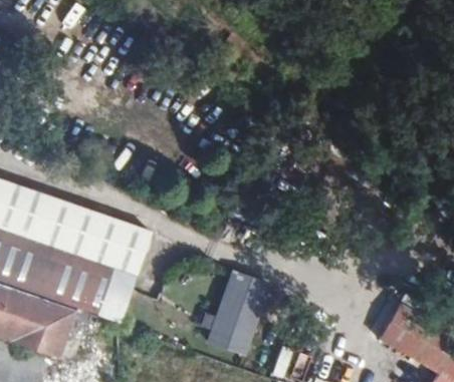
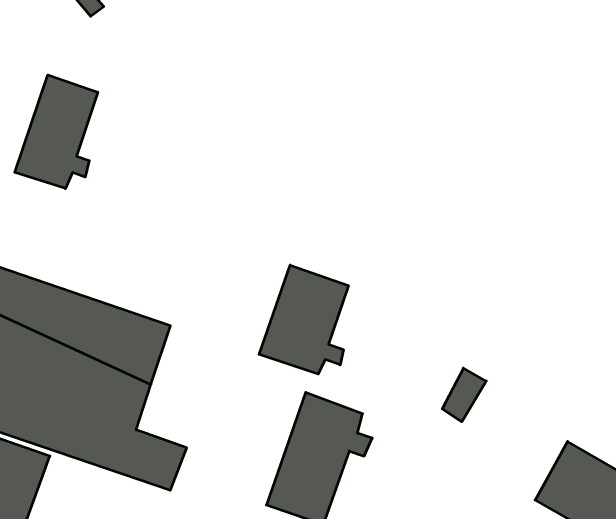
building: none -> [15,75,98,189]
building: none -> [259,265,348,374]

